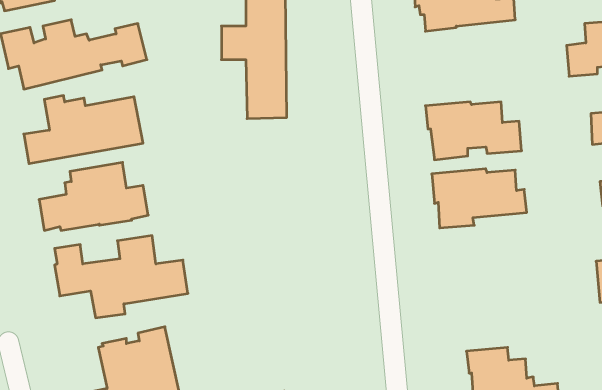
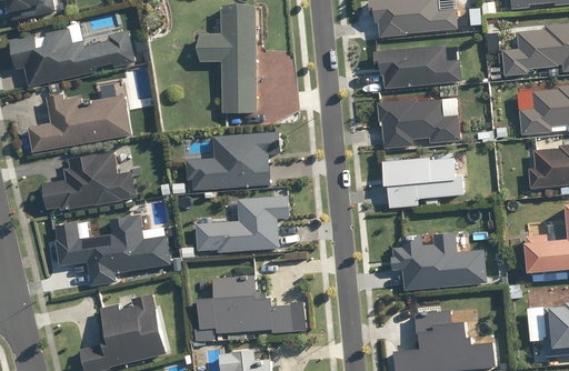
building: none -> [372,47,459,89]
building: none -> [186,131,281,191]
building: none -> [196,195,290,252]
building: none -> [391,232,487,290]
building: none -> [194,274,297,341]

